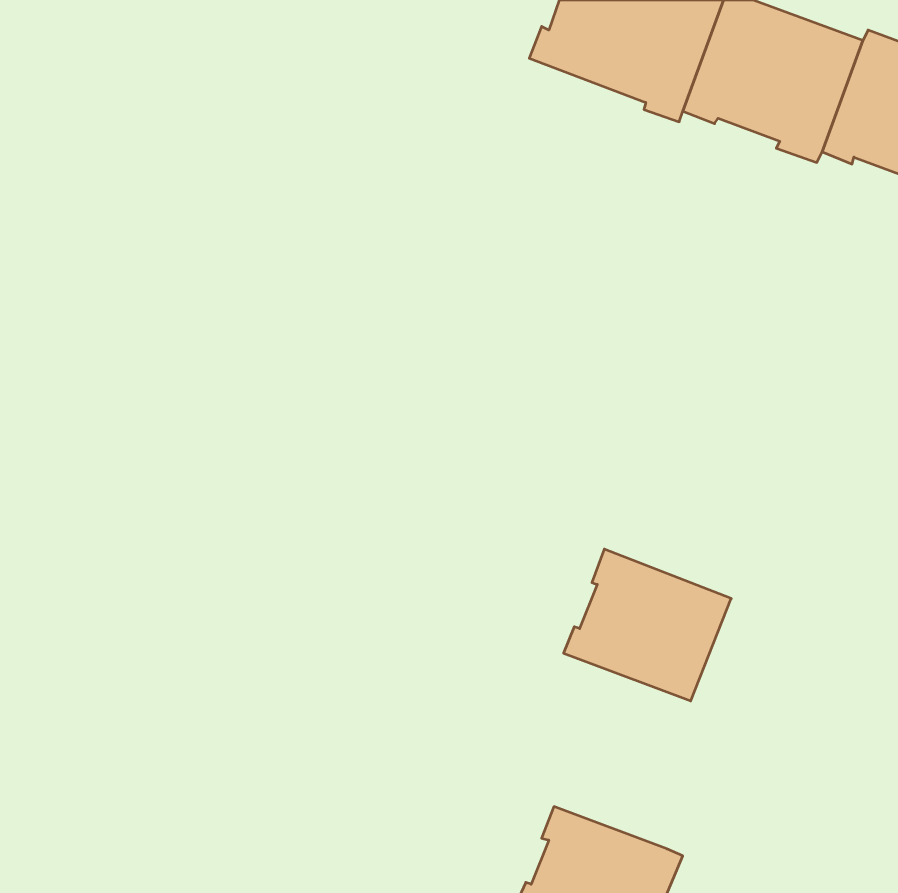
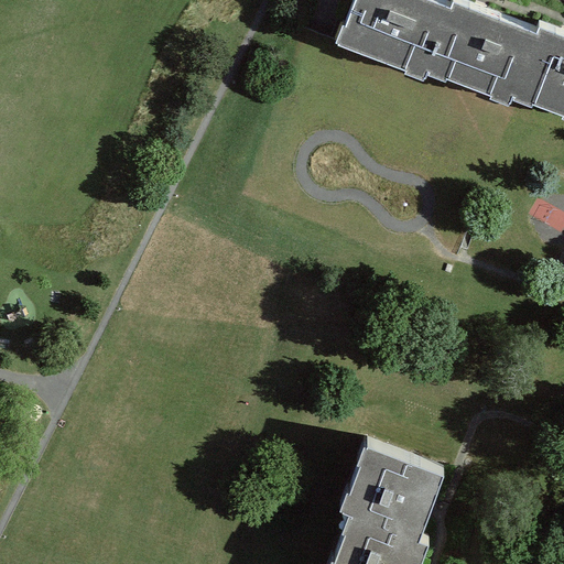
building: [564,549,731,701] -> [339,441,444,535]

